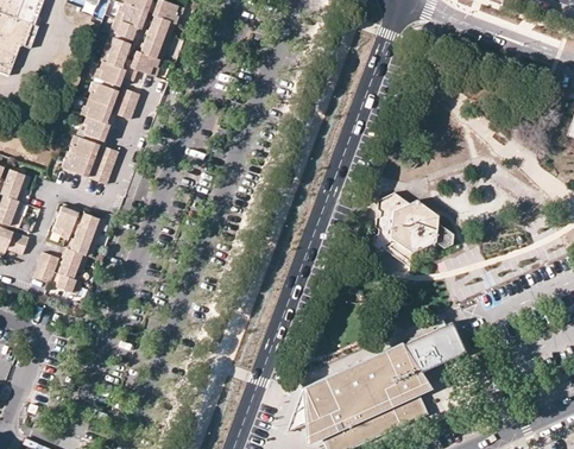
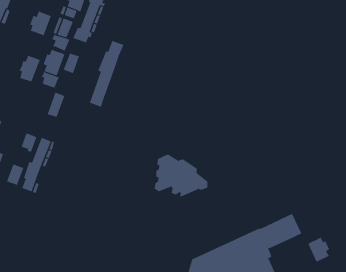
building: none -> [30,11,51,36]
building: none -> [89,40,124,108]
building: [67,137,99,176] -> [19,55,41,82]
building: [372,194,452,261] -> [154,154,208,200]
building: none -> [308,237,330,262]

